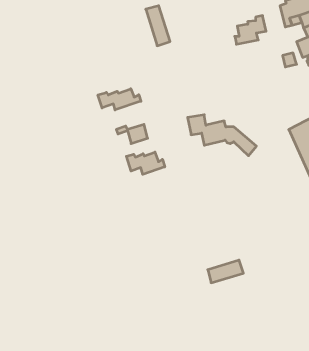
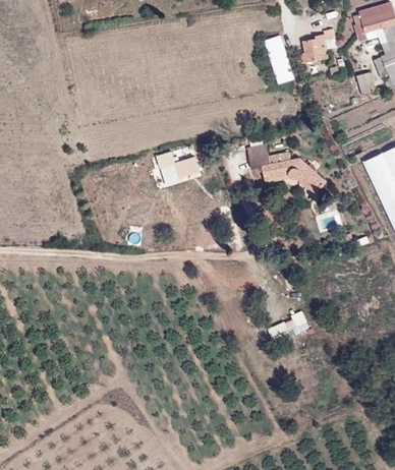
building: [146,6,170,46] -> [265,37,293,83]
building: [98,89,141,110] -> none
building: [126,152,165,174] -> none

